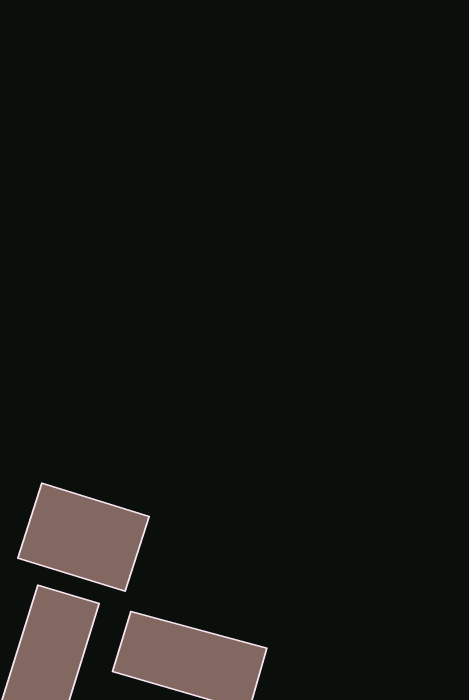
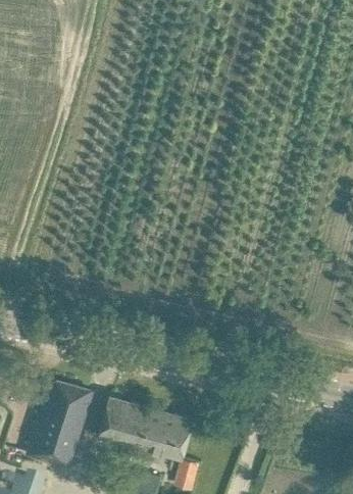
building: [18,483,149,591] -> none

